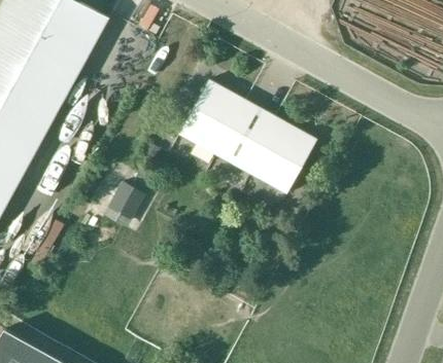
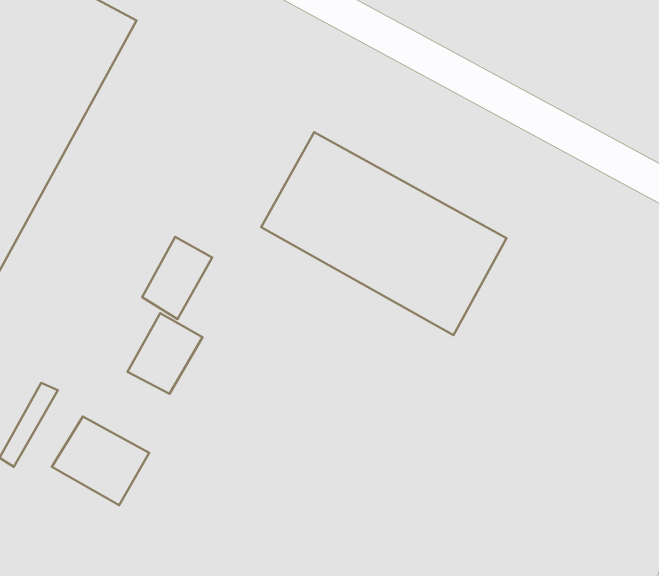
building: none -> [142,237,212,319]
building: none -> [52,416,149,505]

